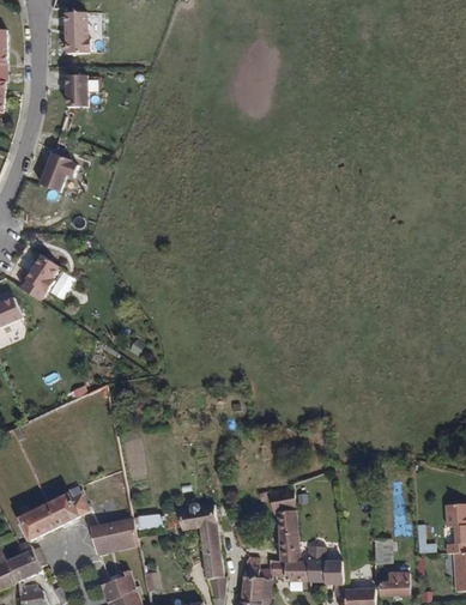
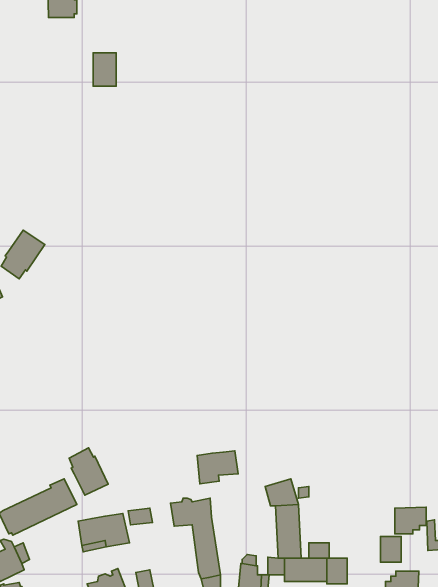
building: [63,75,85,107] -> [93,53,116,86]
building: [37,153,75,193] -> none
building: none -> [69,448,108,495]
building: none -> [197,451,238,484]
building: none -> [395,507,426,534]

